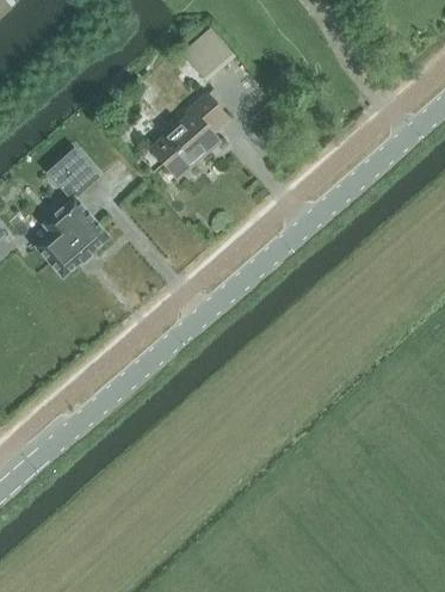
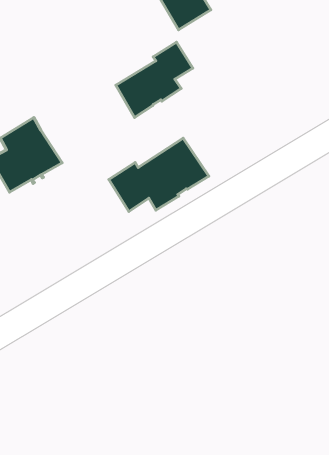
building: [58,148,98,190] -> none
building: none -> [109,138,209,212]

